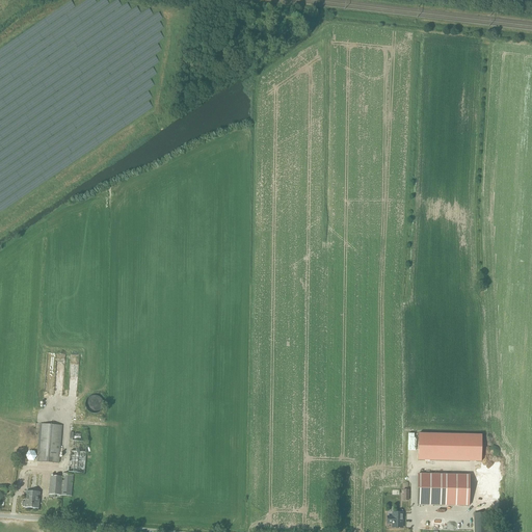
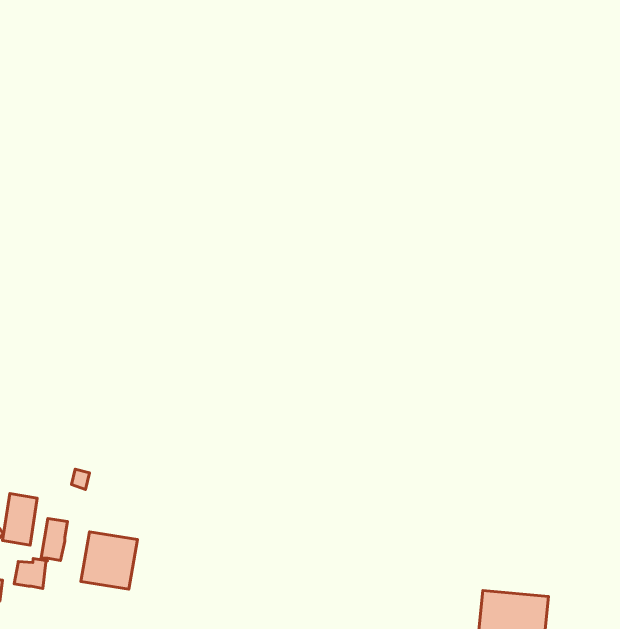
building: [418,432,482,460] -> none
building: none -> [81,532,138,589]

